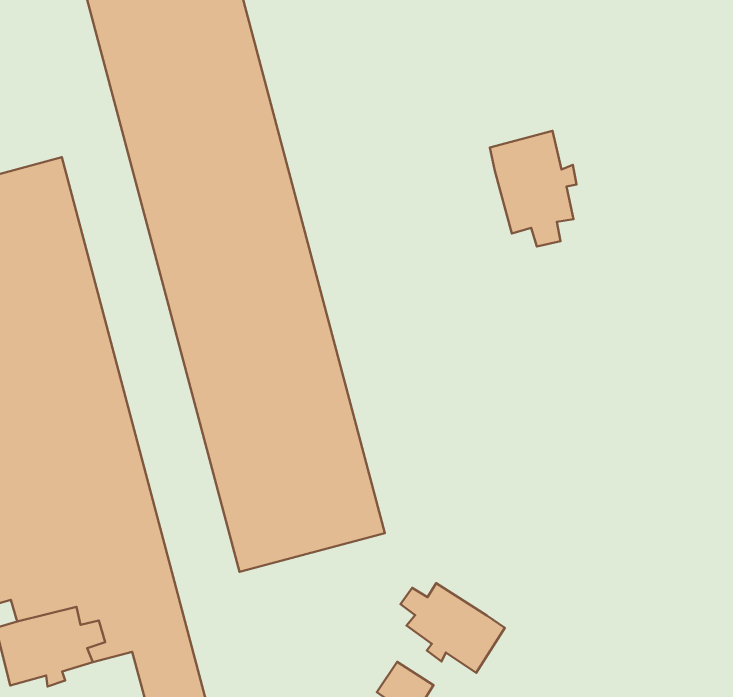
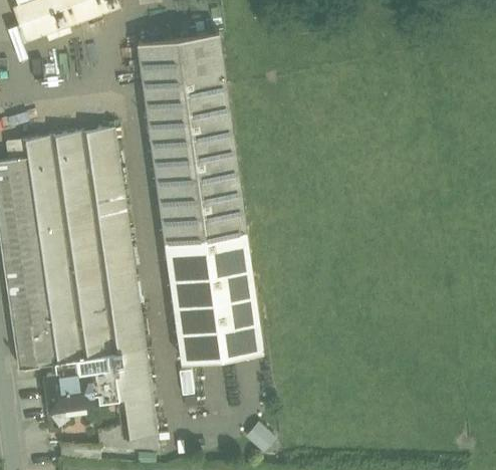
building: [490,131,576,247] -> none
building: [400,583,505,673] -> none

